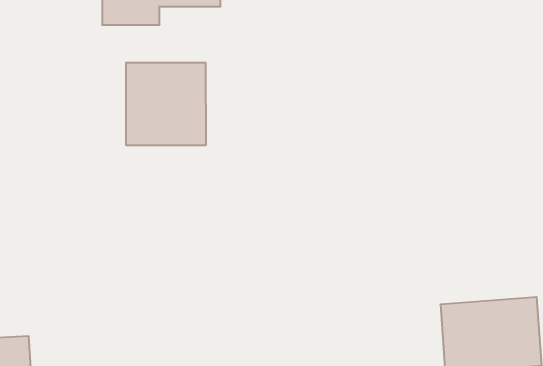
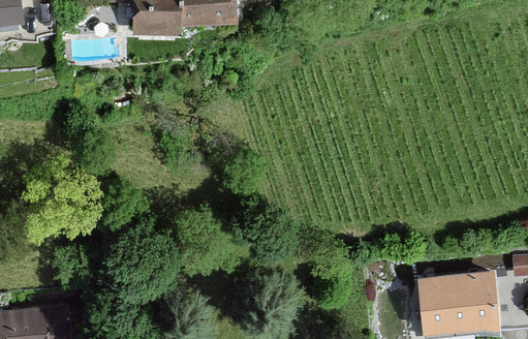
building: [126,63,206,145] -> none

